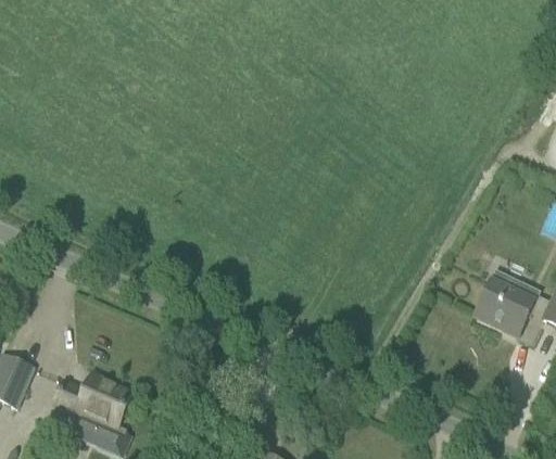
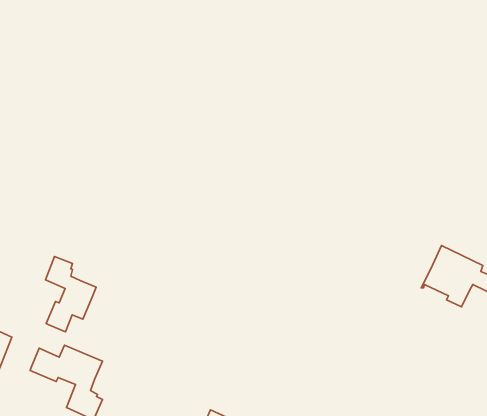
building: none -> [45,256,96,332]

